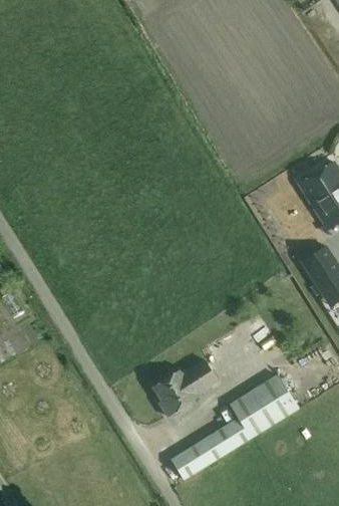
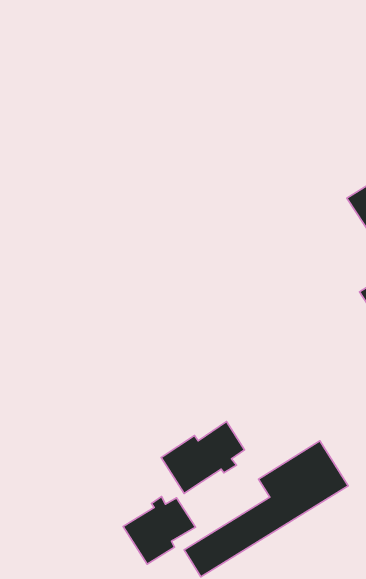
building: none -> [123,497,195,564]

